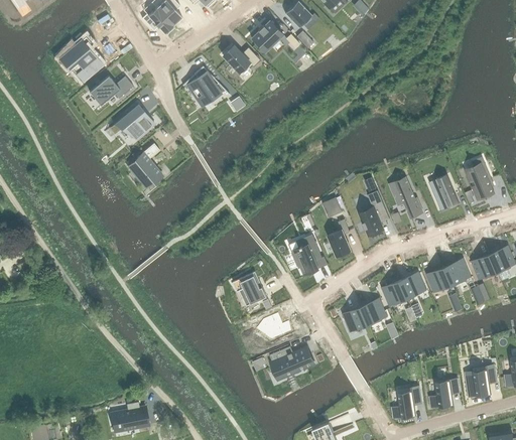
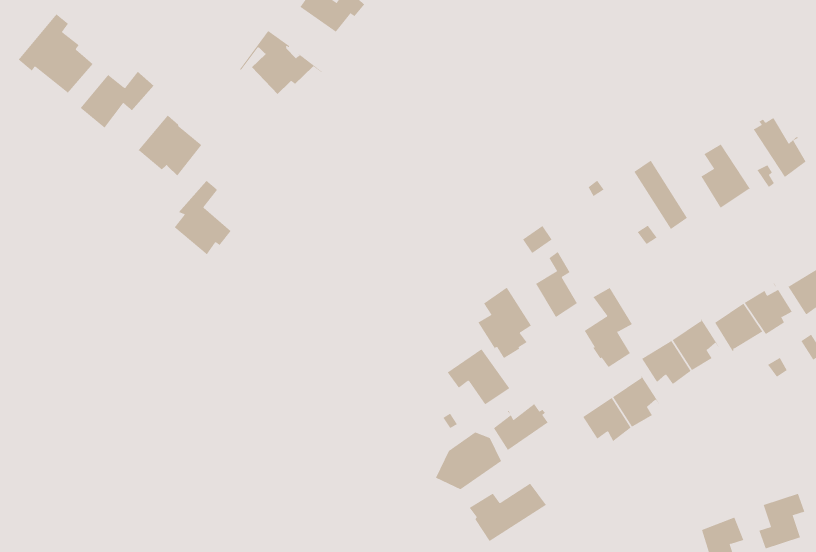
building: [359,190,387,236] -> [584,287,633,368]
building: [233,271,267,303] -> [447,349,510,405]
building: none -> [493,403,549,451]

